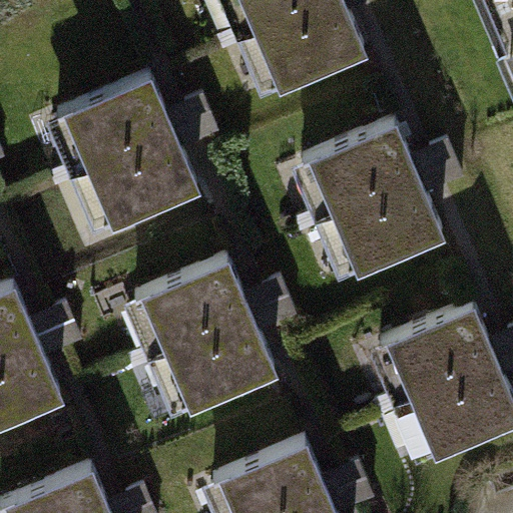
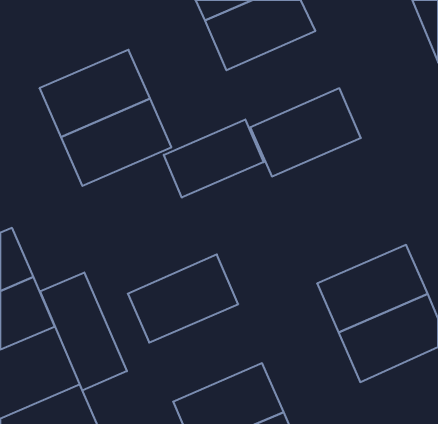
building: none -> [164,119,264,198]
building: [318,177,447,280] -> none
building: [124,256,253,360] -> none
building: none -> [40,272,127,391]

